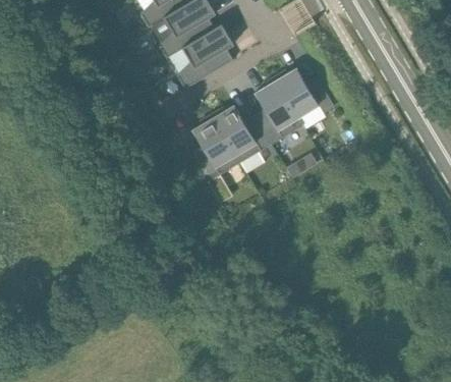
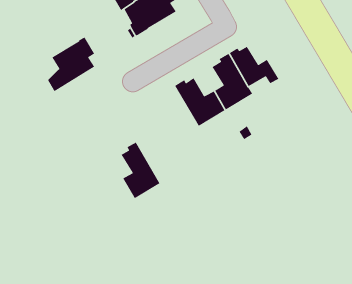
building: [177,24,233,90] -> [47,36,95,92]
building: [192,115,239,182] -> [120,142,161,199]

